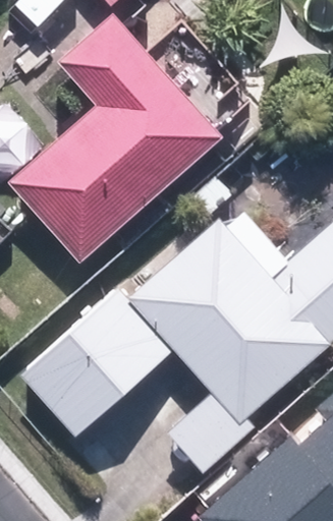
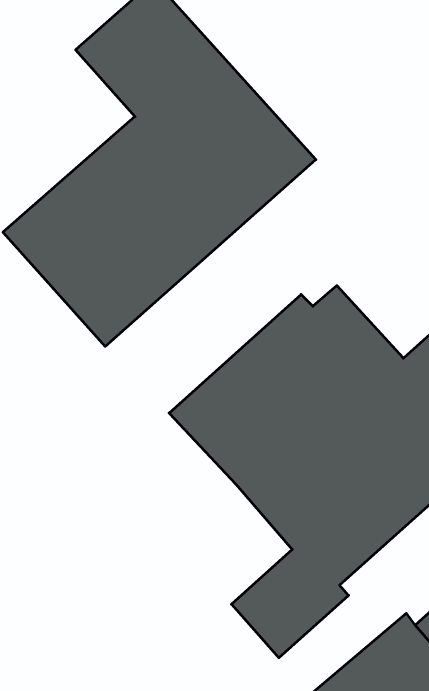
building: [21,286,173,438] -> none

